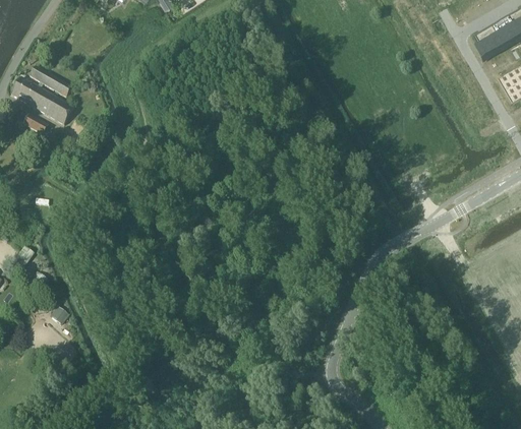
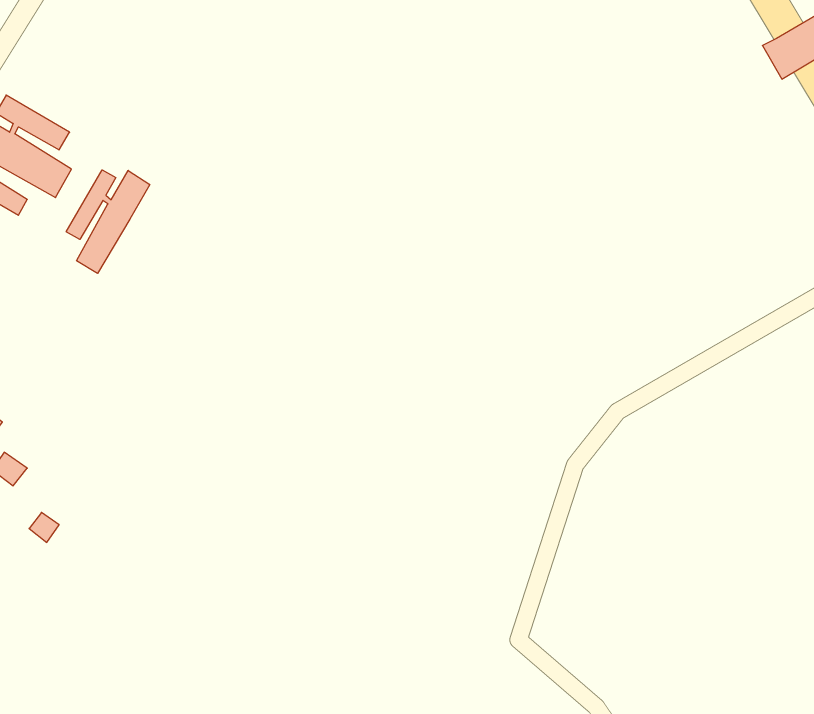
building: none -> [66,170,150,273]

